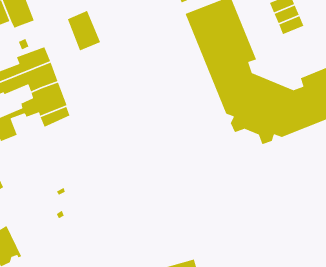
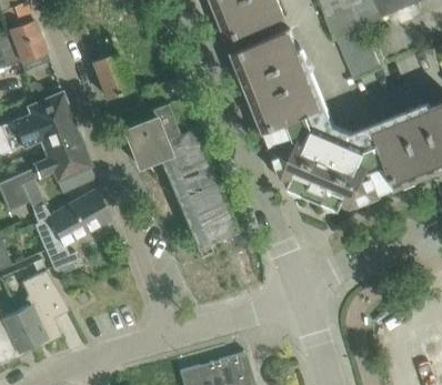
building: none -> [119,109,235,247]
building: none -> [21,174,111,270]
building: none -> [16,257,69,348]

